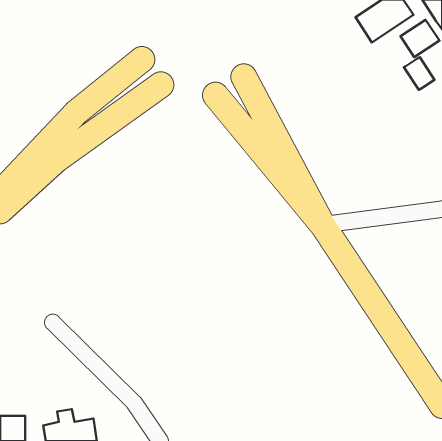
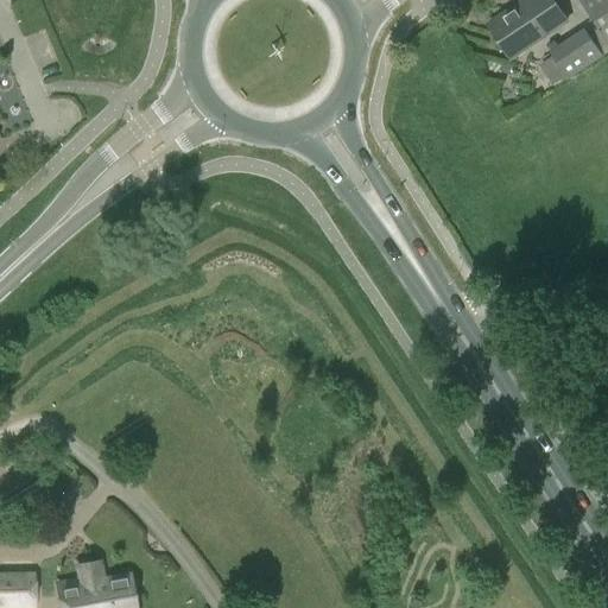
building: [404,57,435,90] -> none

